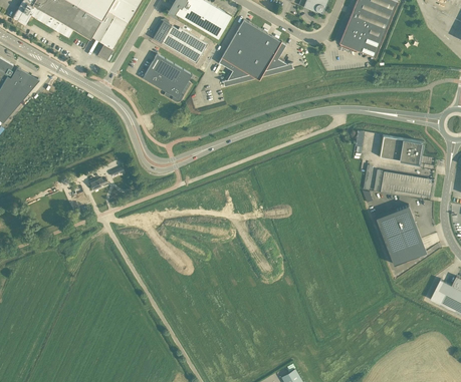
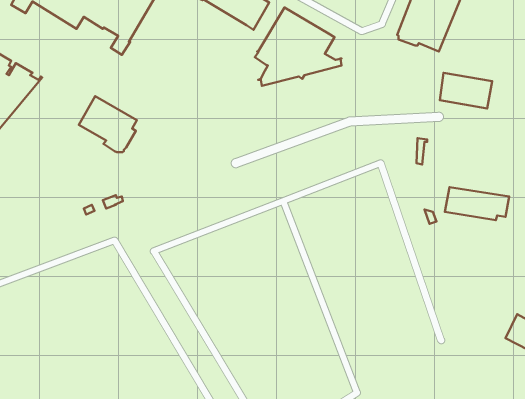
building: [152,18,208,63] -> none
building: [143,53,192,100] -> [79,96,137,152]
building: [379,133,423,163] -> [440,73,492,108]
building: [376,204,420,264] -> none

